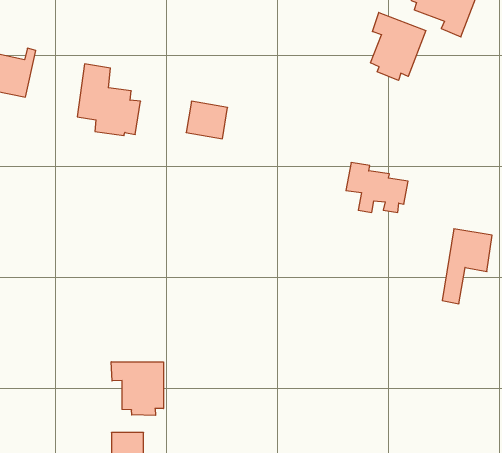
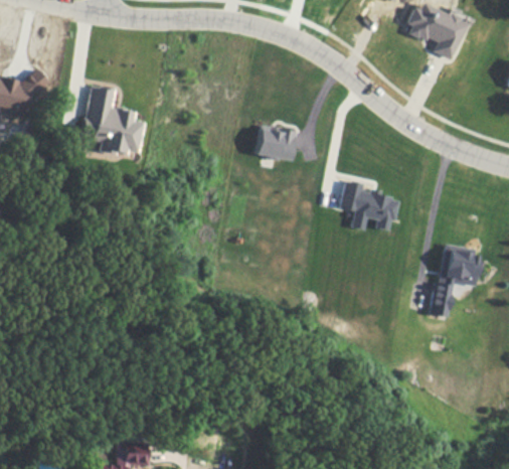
building: [371,12,426,80] -> none
building: [186,101,228,139] -> [257,125,297,161]
building: [111,362,163,415] -> none

